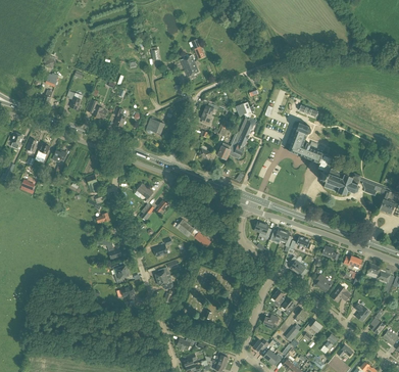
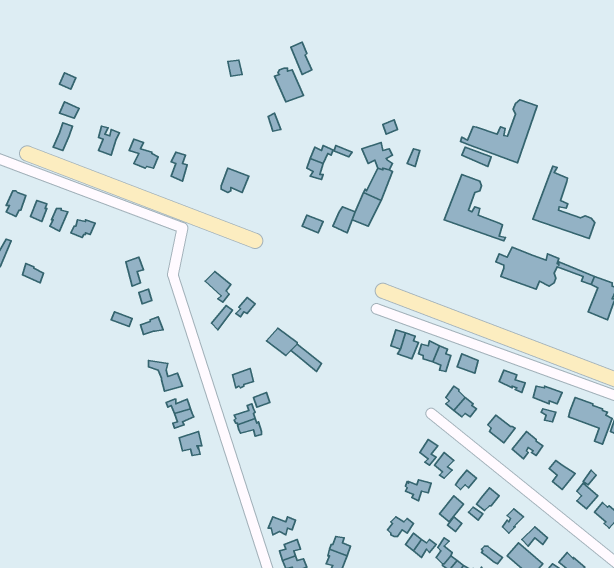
building: none -> [461,100,537,163]
building: none -> [533,166,595,238]

